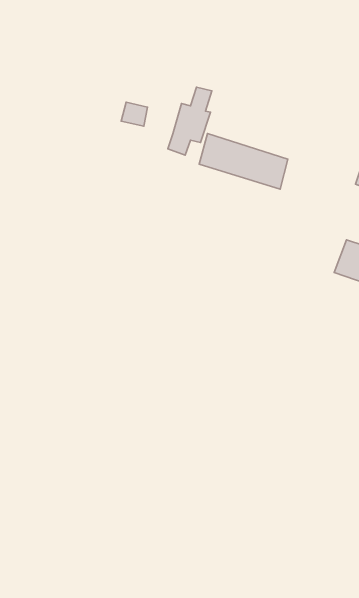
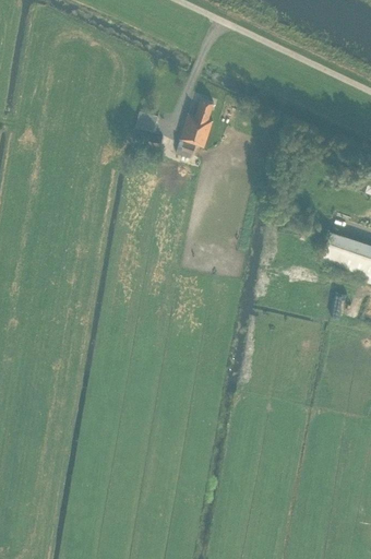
building: [199,134,288,189] -> none

